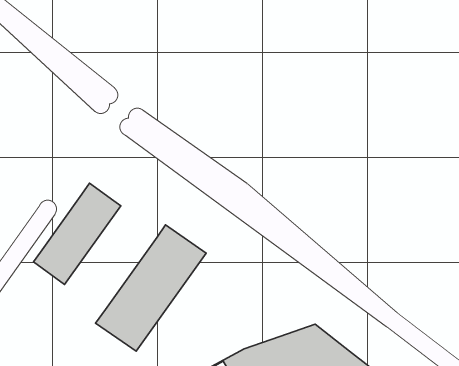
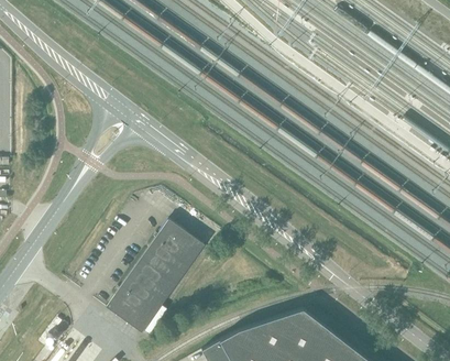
building: [33,183,121,285] -> none

